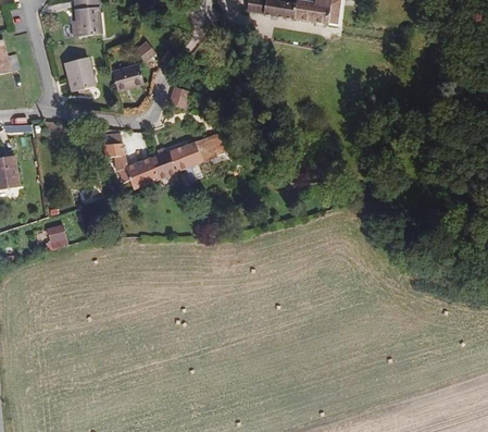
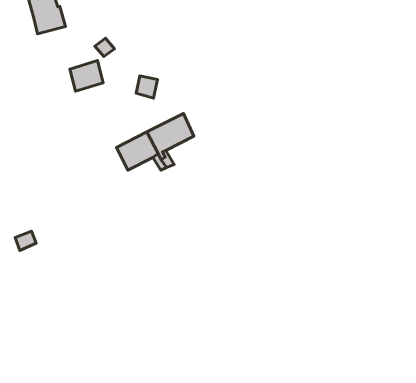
building: [60,57,89,90] -> none
building: [96,132,153,188] -> none

